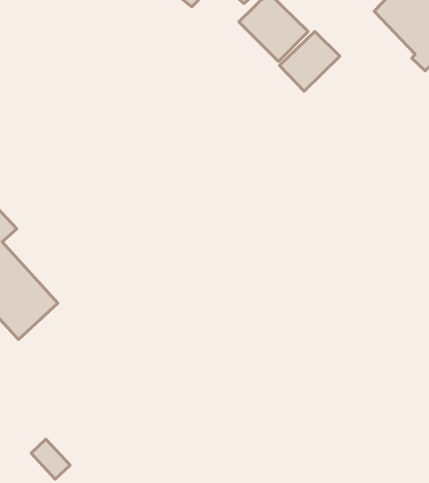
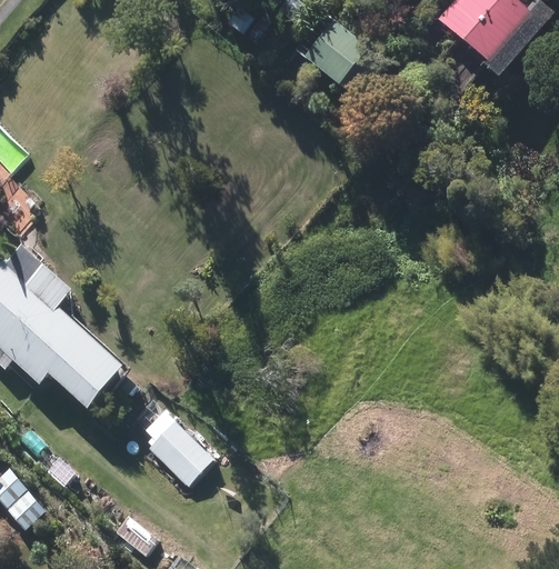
building: [279,31,340,91] -> none
building: none -> [142,410,213,487]

